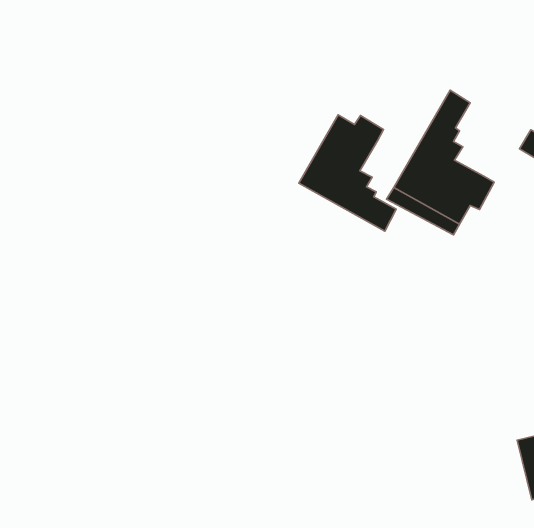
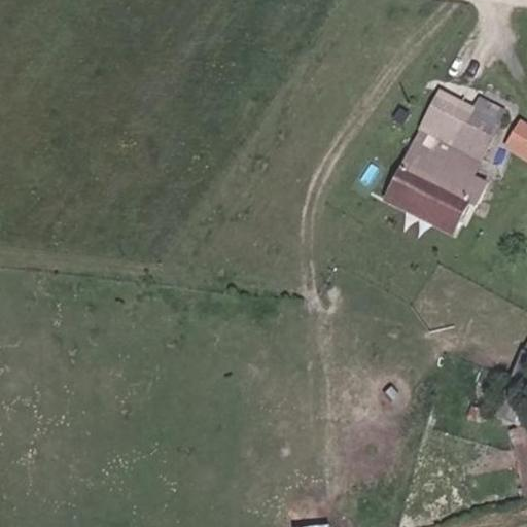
building: none -> [447,99,510,173]
building: [299,115,396,231] -> none

